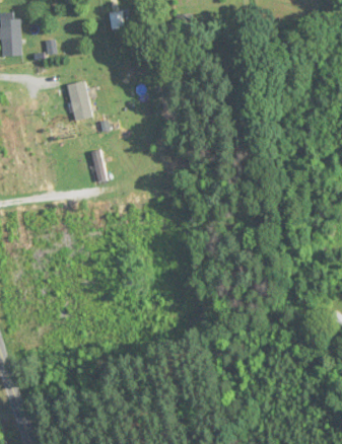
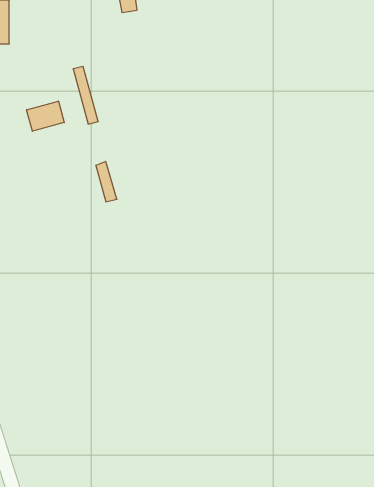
building: none -> [27,101,64,131]

